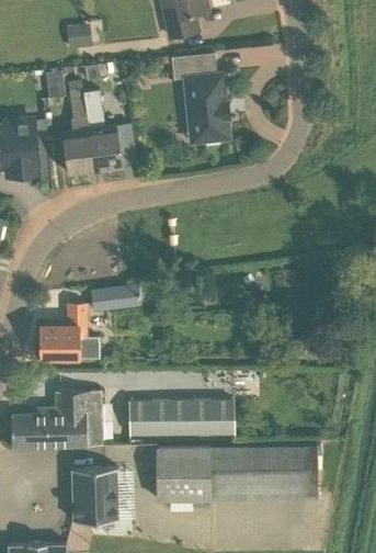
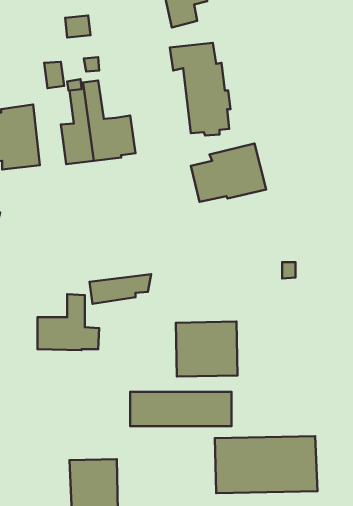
building: none -> [191,144,266,202]
building: [11,391,103,447] -> none
building: [156,447,217,501] -> [176,322,238,377]

